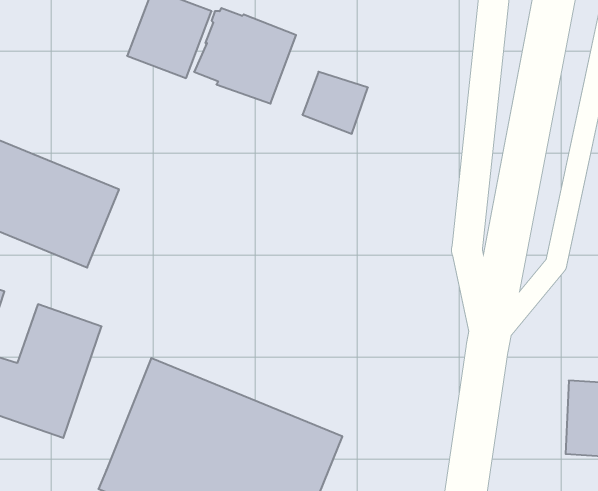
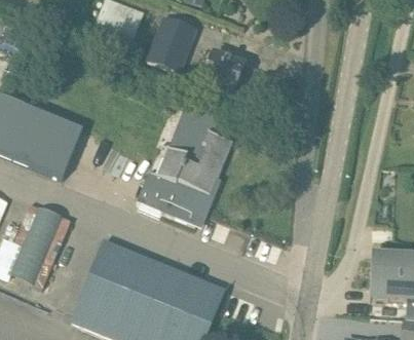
building: none -> [137,105,232,226]

